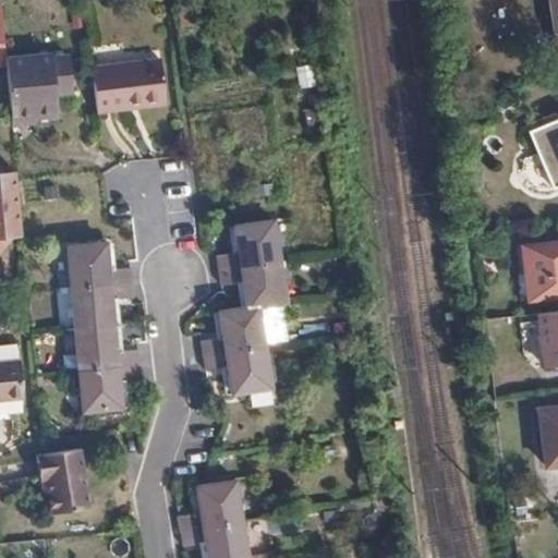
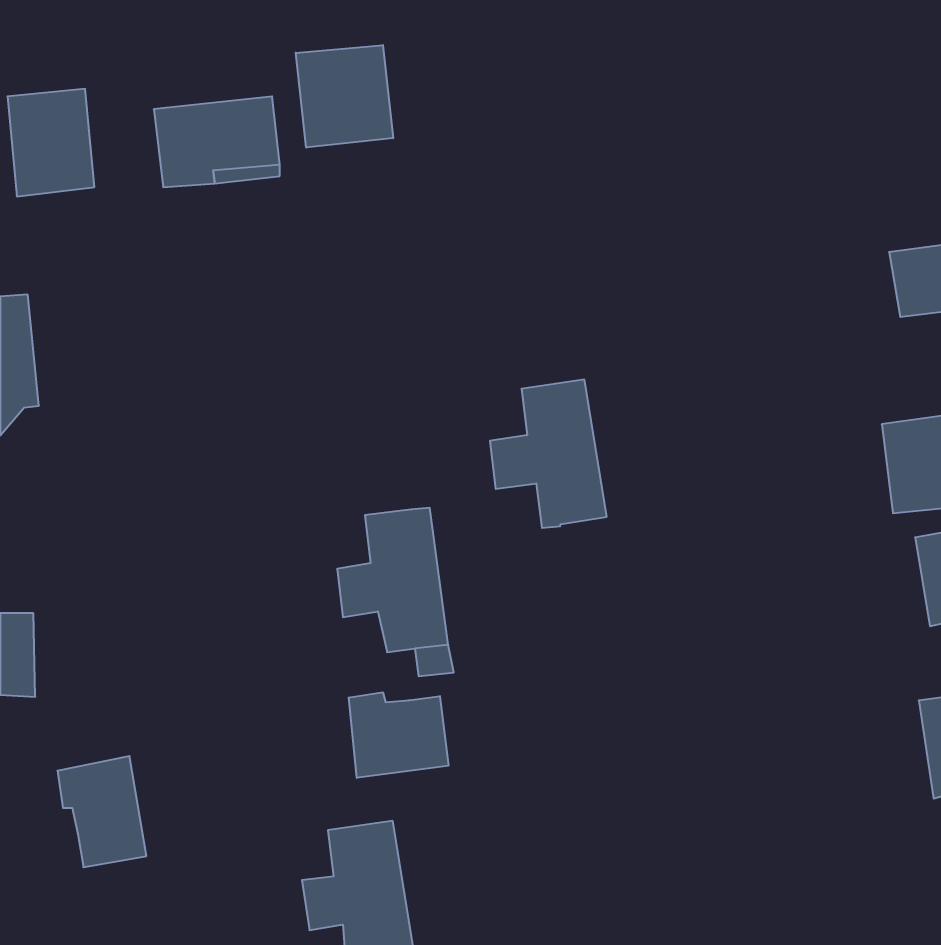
building: none -> [296,45,393,148]
building: [215,214,283,301] -> [490,380,607,528]
building: [64,239,141,407] -> none
building: none -> [349,692,448,778]

